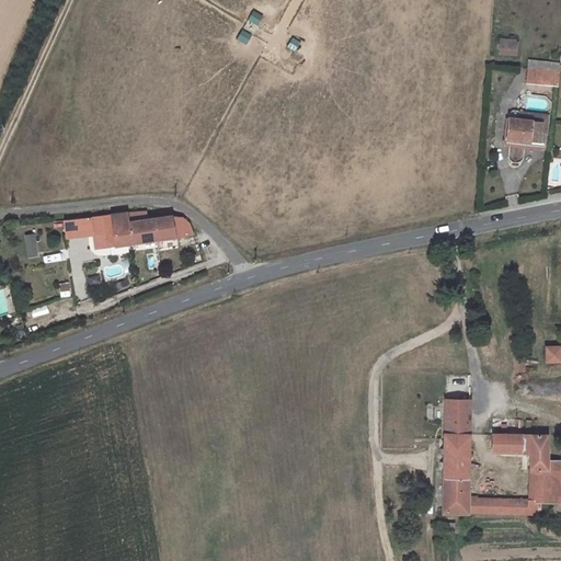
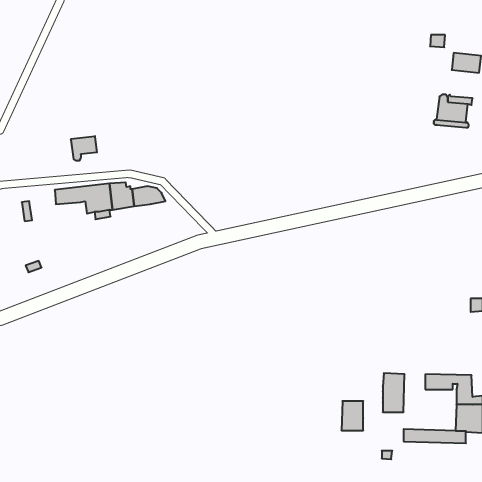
building: none -> [71,136,97,161]
building: [446,400,471,435] -> none
building: [444,479,469,513] -> [341,401,363,430]

